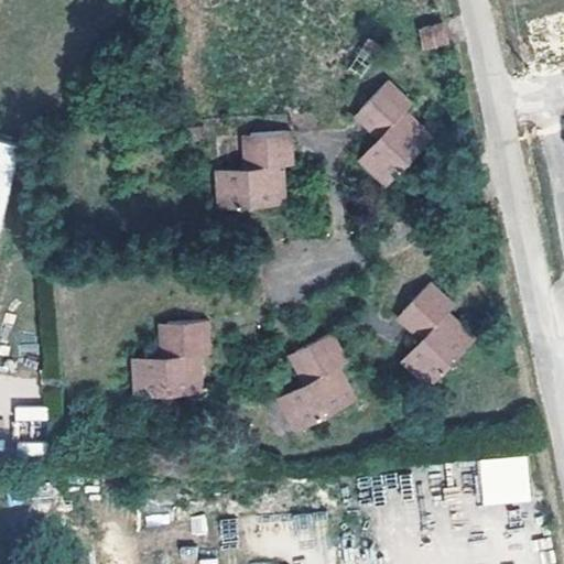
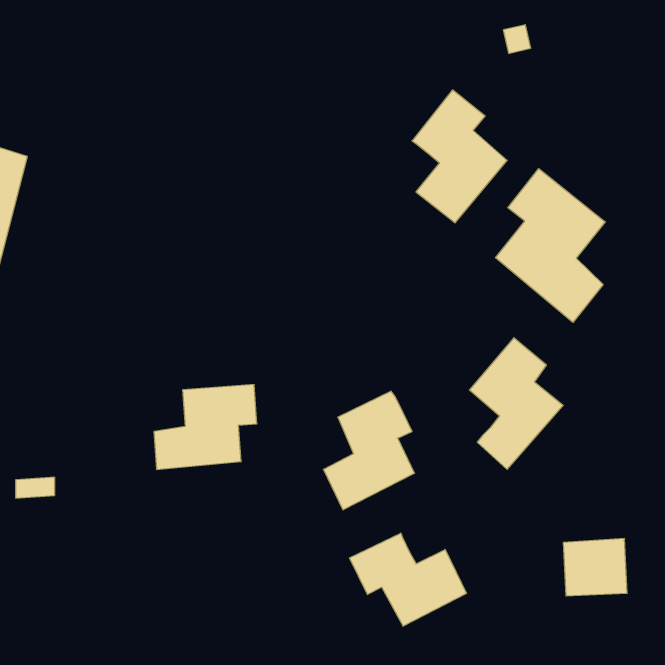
building: [209,133,300,208] -> none
building: none -> [496,169,605,322]
building: none -> [349,533,467,626]

